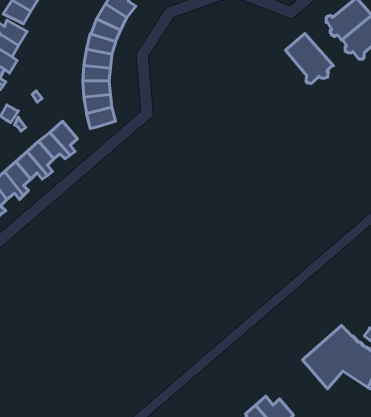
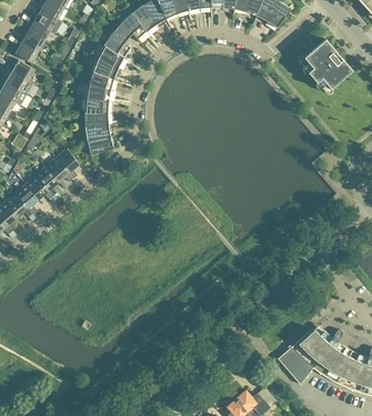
building: [285,33,334,83] -> none

